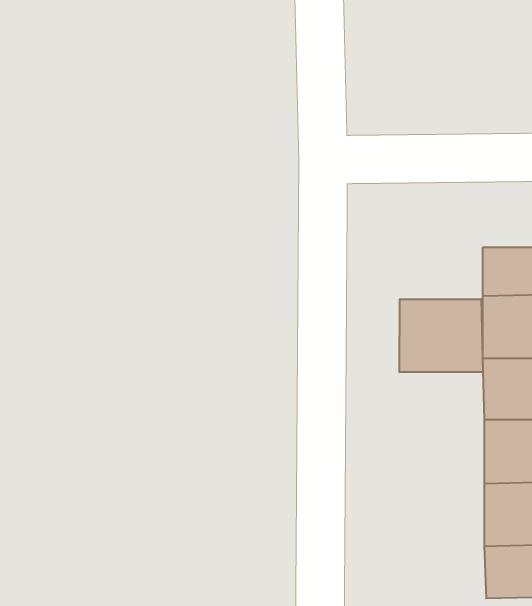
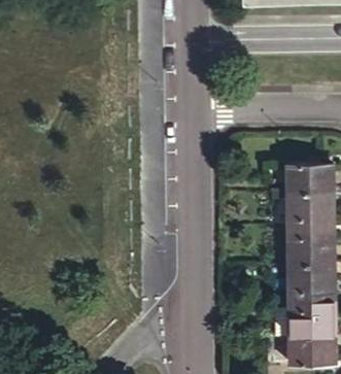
building: [400,299,483,372] -> none

